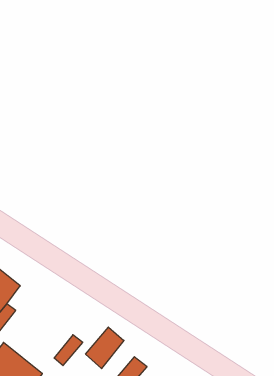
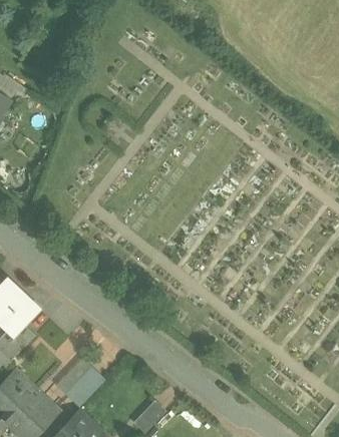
building: [86,327,124,369] -> none

